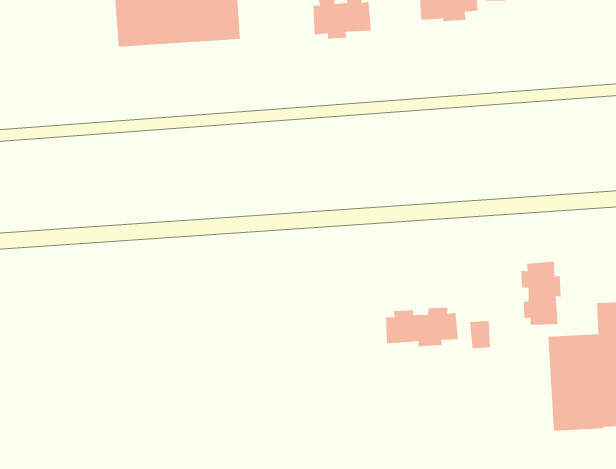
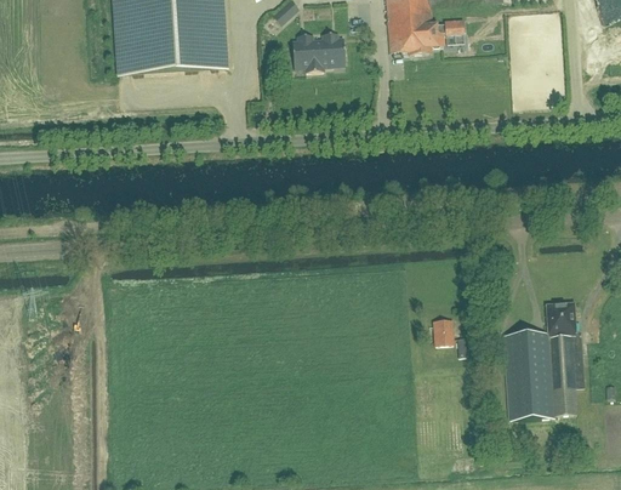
building: [521,261,561,326] -> none
building: [386,307,459,347] -> none

